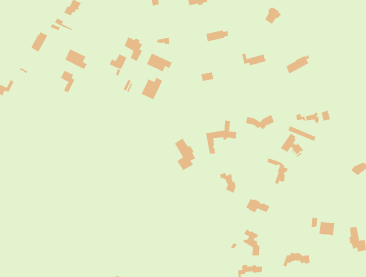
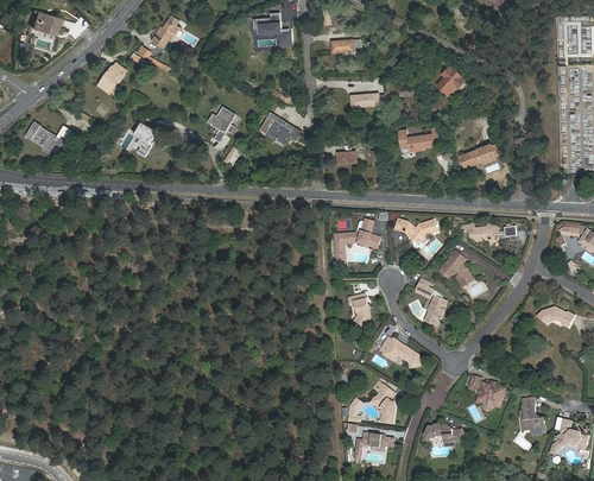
building: [124,36,143,62] -> none
building: [64,48,88,70] -> none
building: [141,77,163,100] -> none
building: [174,138,196,171] -> none

